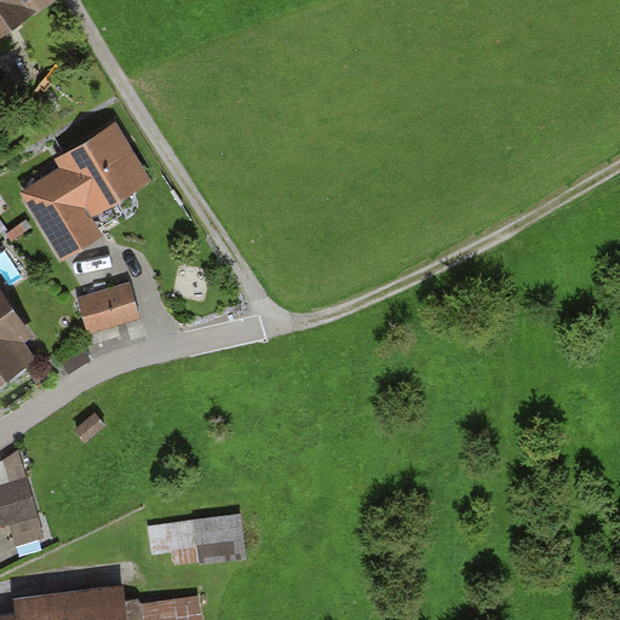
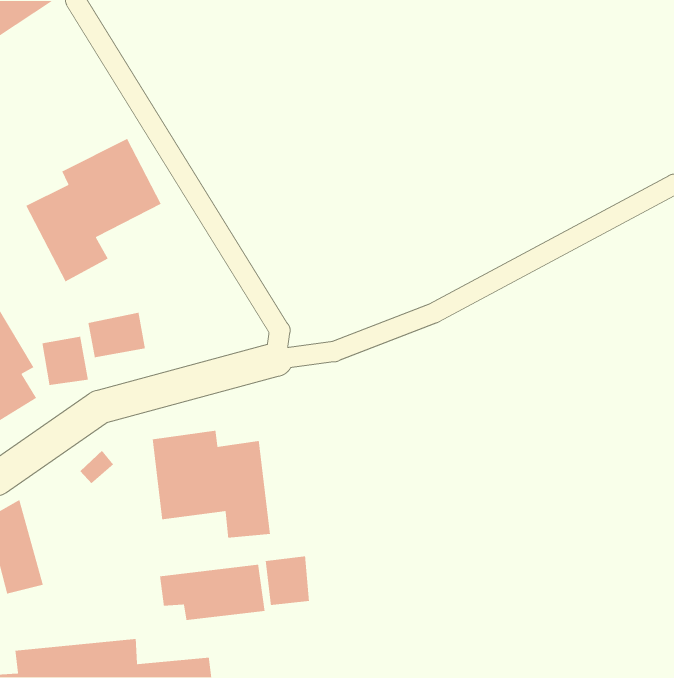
building: none -> [41,336,89,386]
building: none -> [152,430,271,539]
building: none -> [265,556,310,606]

